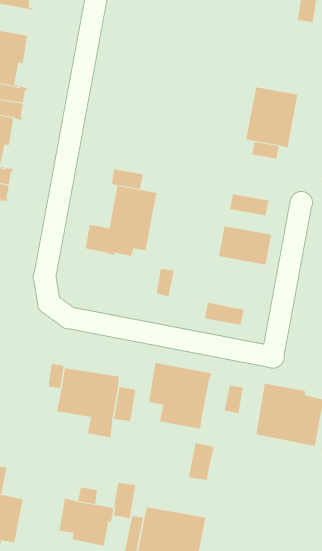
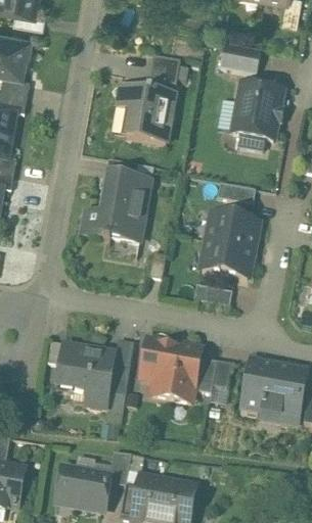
building: none -> [219,42,260,74]
building: none -> [151,55,179,83]
building: none -> [117,85,174,143]
building: none -> [202,240,252,277]
building: [188,442,214,481] -> [192,356,217,392]

